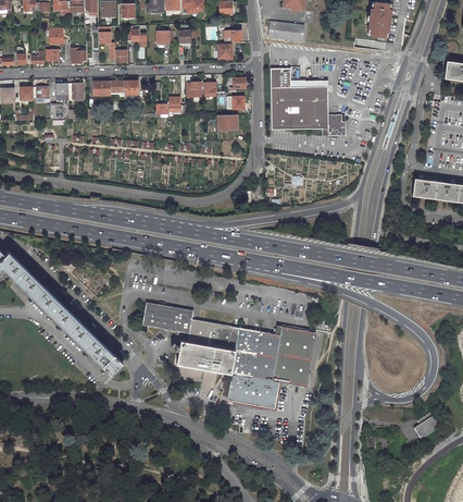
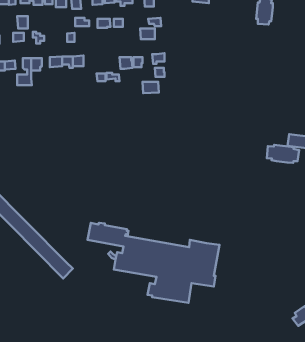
building: [267,20,304,40] -> none
building: [270,66,345,135] -> none
building: none -> [267,145,299,163]

